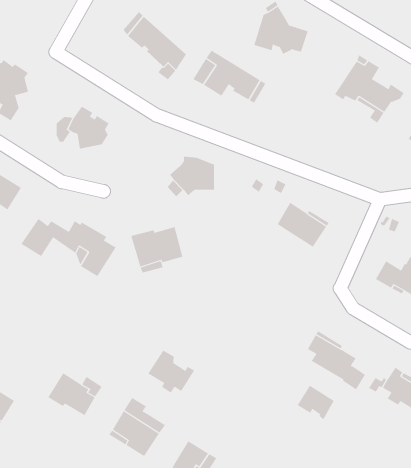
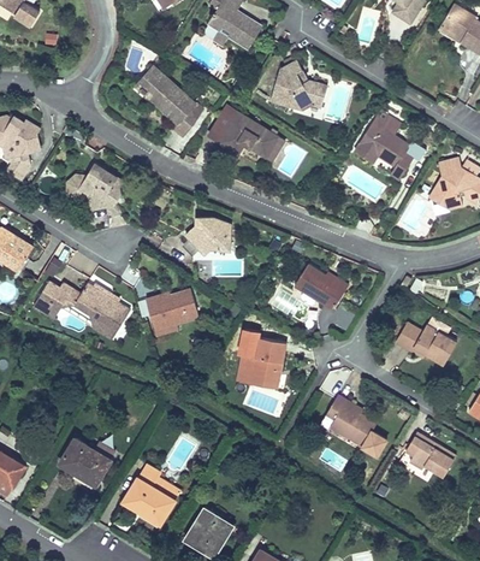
building: none -> [236,337,288,388]
building: [148,350,195,393] -> none
building: [297,385,335,420] -> none

